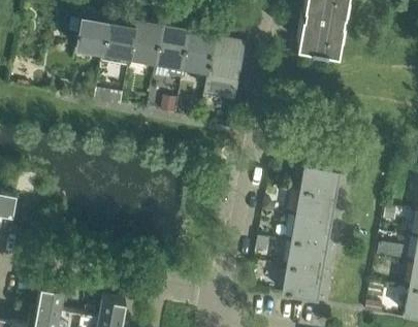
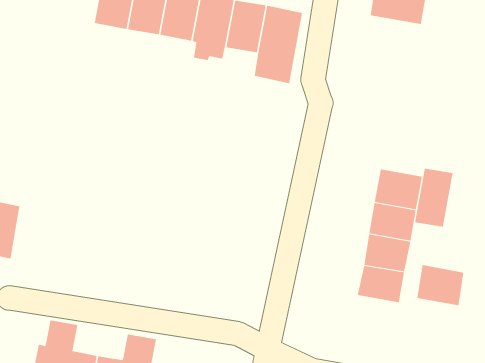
building: none -> [414,168,453,228]
building: [283,269,321,302] -> [417,265,464,306]

